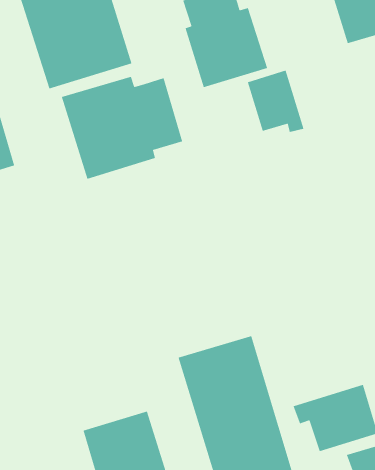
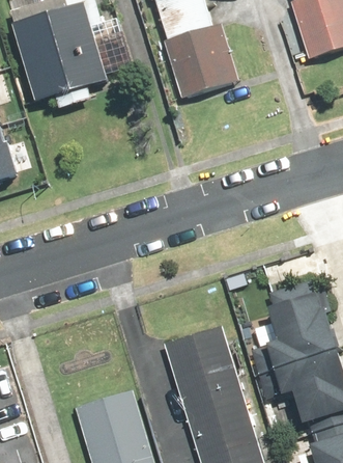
building: [247,69,304,133] -> none
building: [61,76,183,180] -> none
building: none -> [252,287,326,384]

